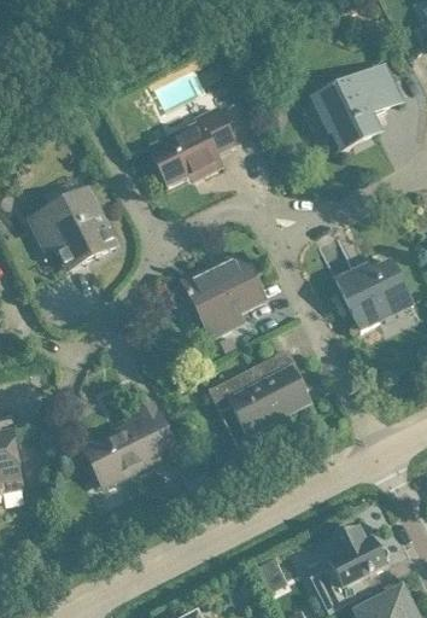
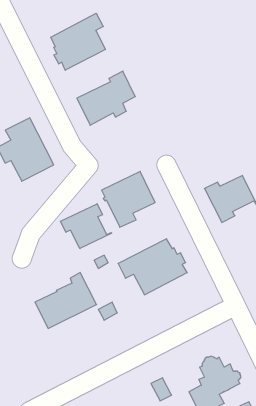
building: none -> [51,13,105,70]
building: [320,66,399,151] -> none
building: none -> [60,204,112,249]

